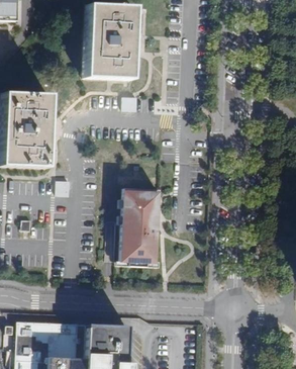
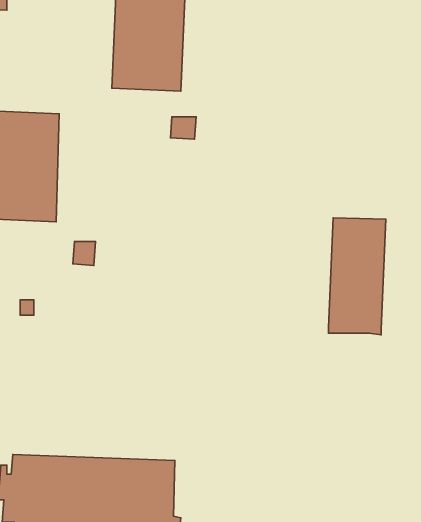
building: [118,189,157,268] -> [329,218,386,335]

